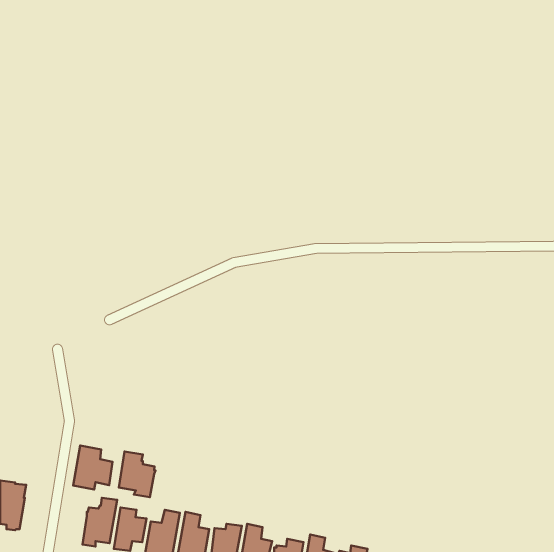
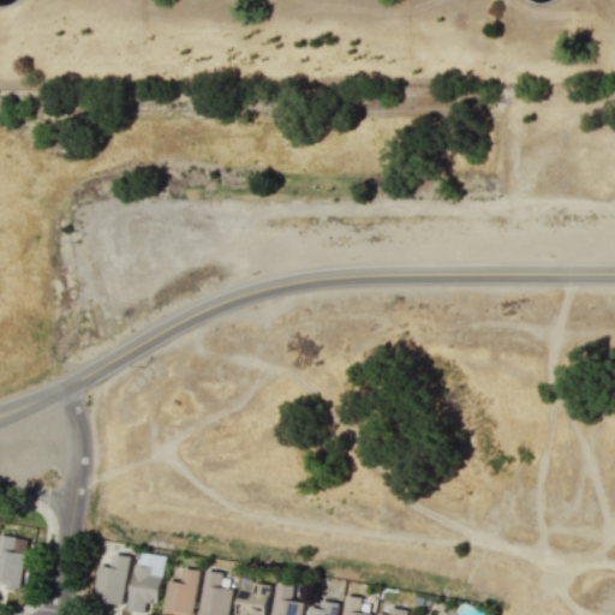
building: [73,446,113,489] -> none
building: [119,451,156,497] -> none

